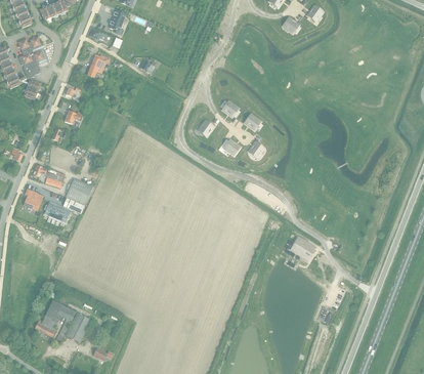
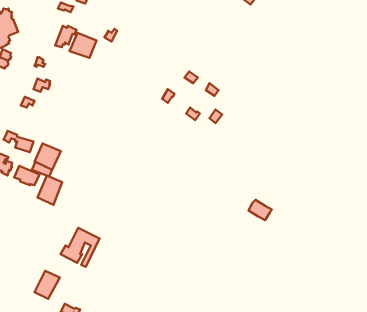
building: none -> [70,33,96,58]
building: none -> [38,176,62,205]
building: [35,299,76,340] -> [61,228,100,267]

